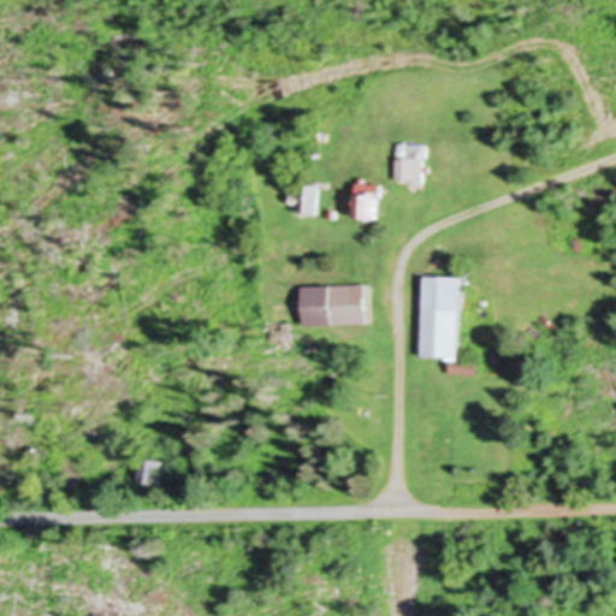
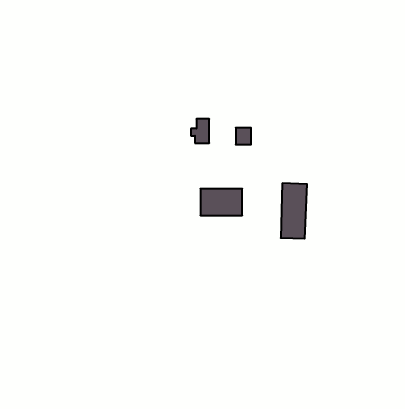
building: [393,144,420,184] -> none
building: [137,460,161,486] -> none

